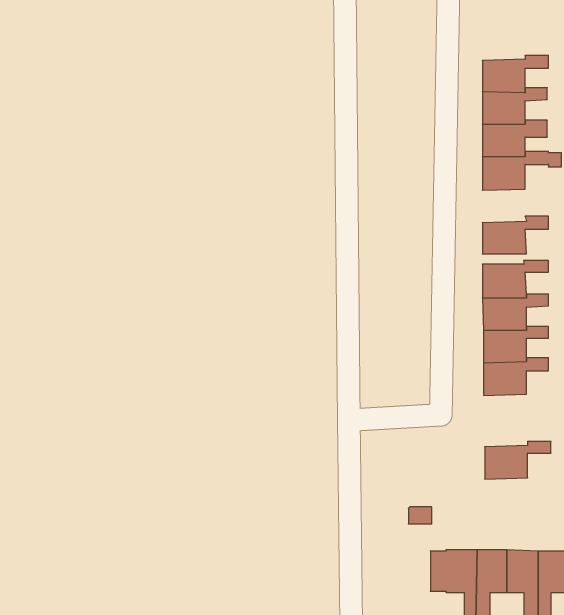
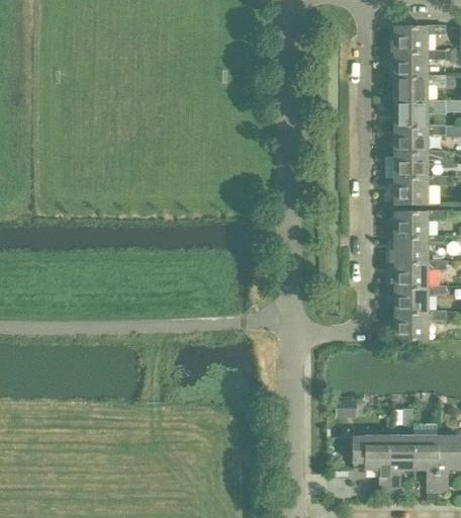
building: none -> [393,24,445,54]
building: none -> [393,150,444,180]
building: [485,441,551,479] -> [394,311,446,340]

